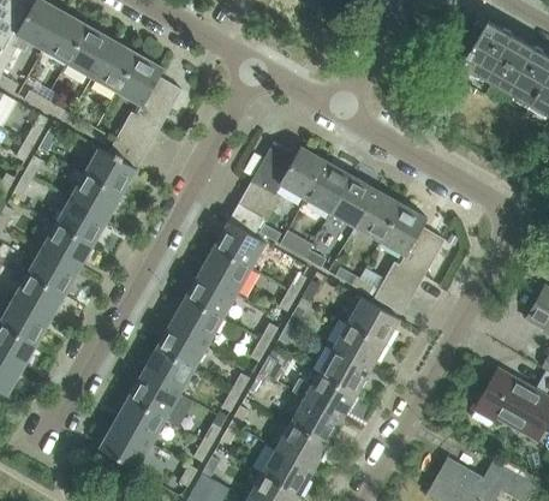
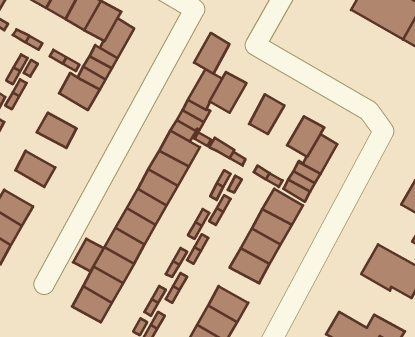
building: [304,161,350,214] -> [194,33,229,74]
building: [68,174,120,220] -> none
building: [353,190,400,241] -> none
building: [40,225,93,270] -> none
building: [12,274,64,321] -> none
building: none -> [73,239,104,272]
building: [290,400,342,446] -> none

